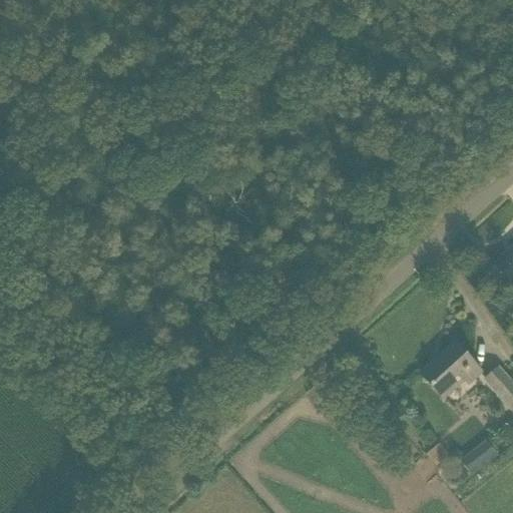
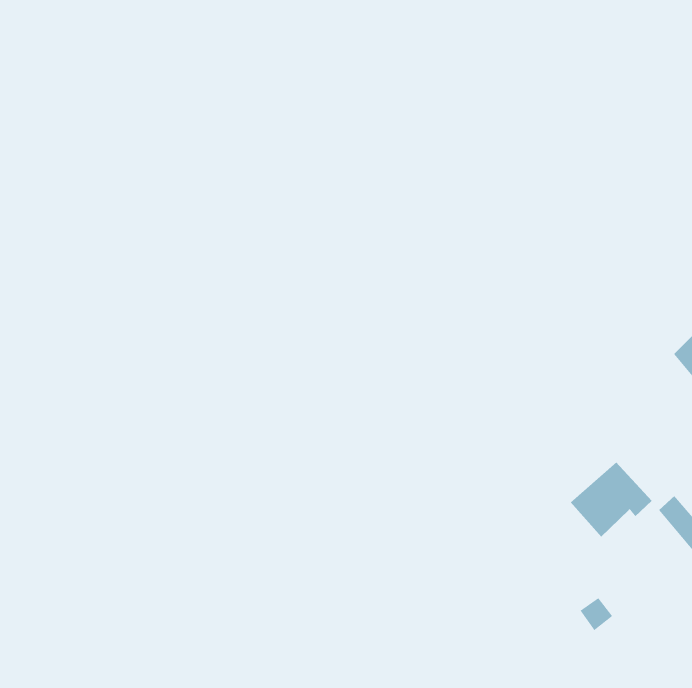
building: [462,438,499,474] -> none

